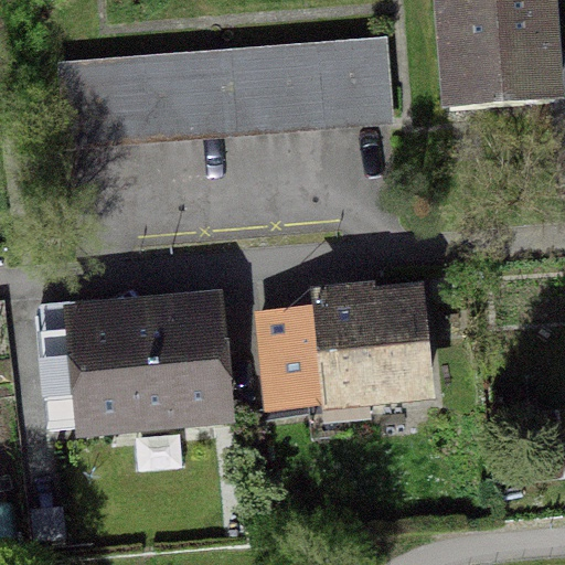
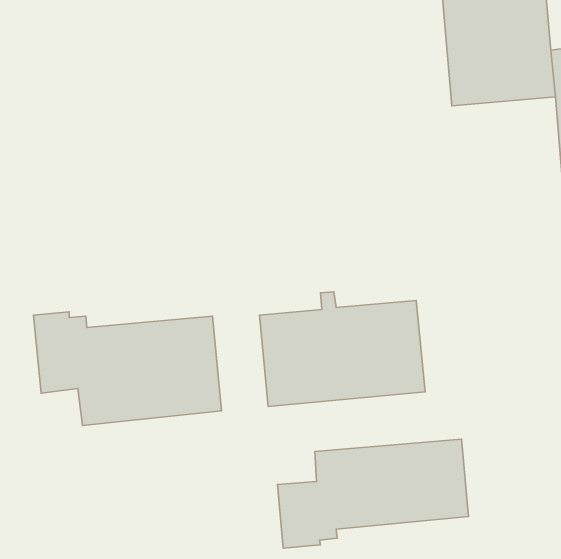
building: [66,39,393,135] -> none
building: none -> [278,439,469,548]

